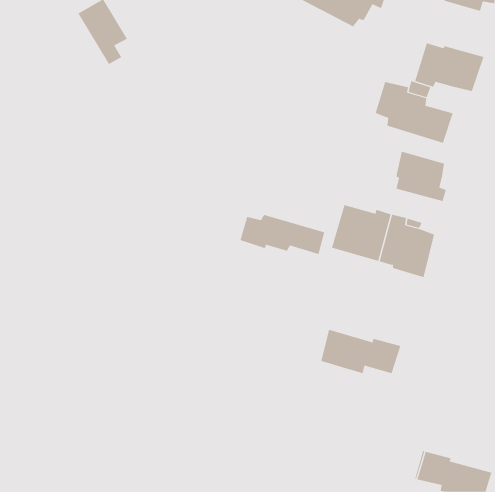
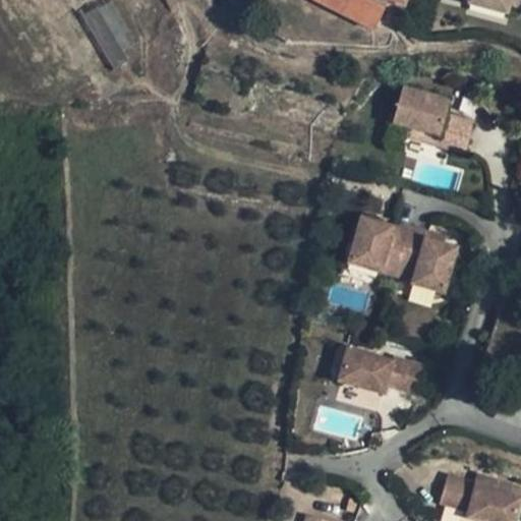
building: [415,43,484,92] -> none
building: [396,151,446,202] -> none
building: [240,214,325,255] -> none

